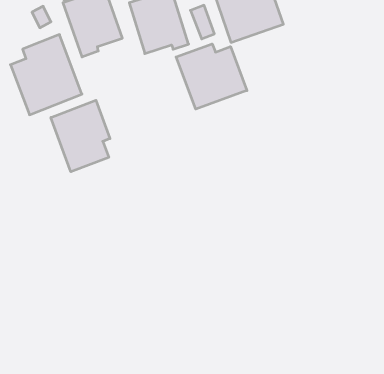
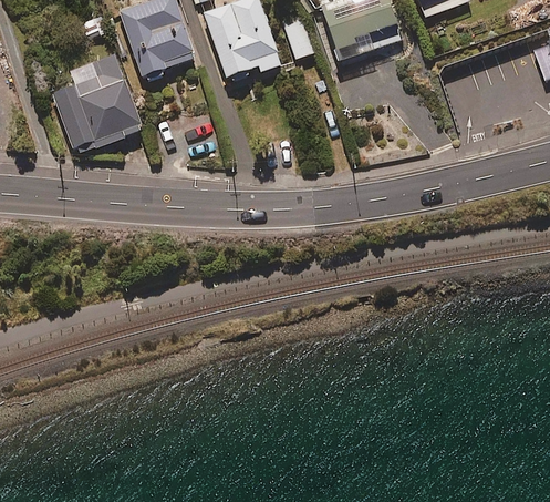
building: [176,44,247,109] -> none
building: [51,100,110,172] -> none

